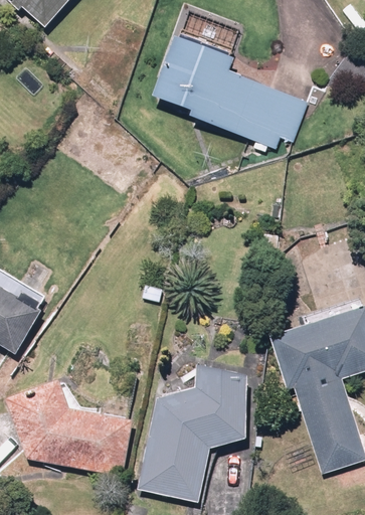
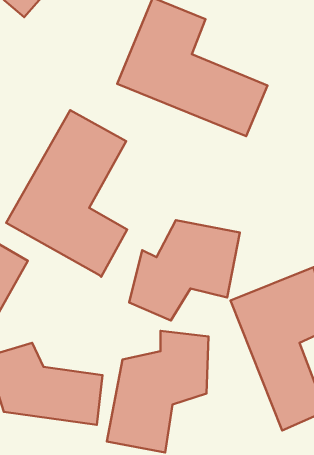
building: none -> [6,110,127,277]
building: none -> [129,220,240,321]

